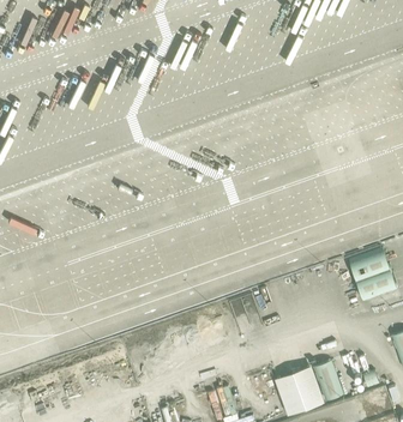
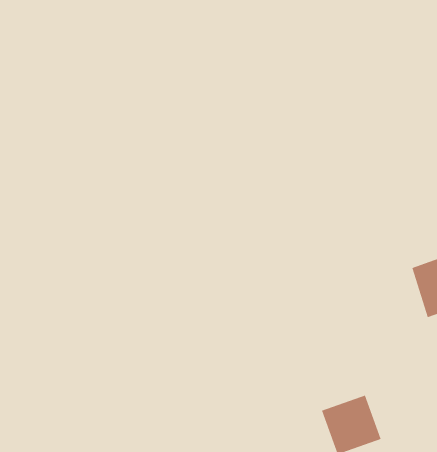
building: [313,361,343,402] -> none

